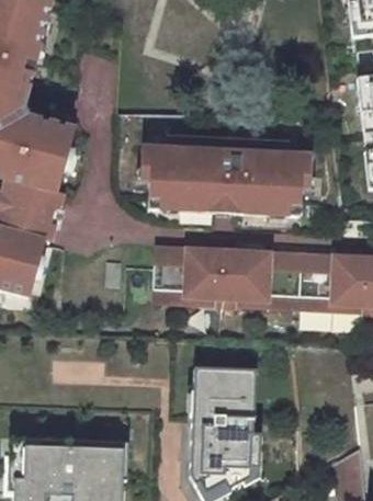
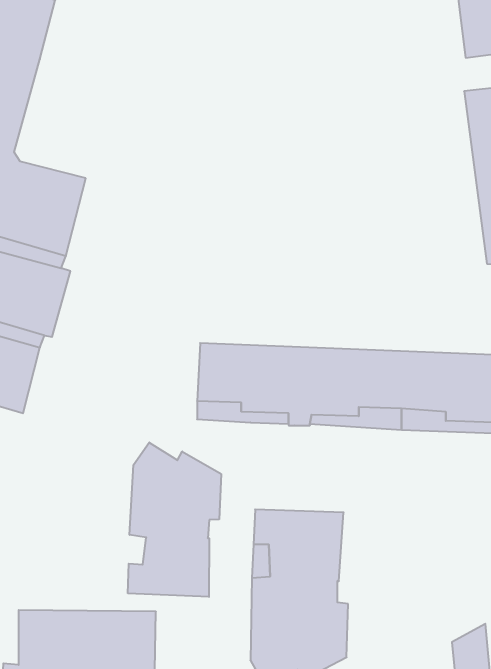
building: [139,137,312,215] -> none
building: none -> [128,442,221,597]

